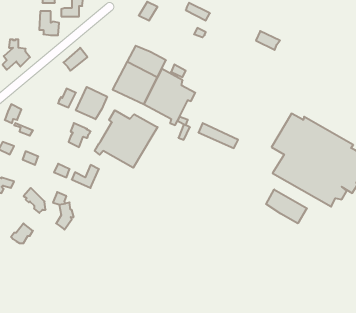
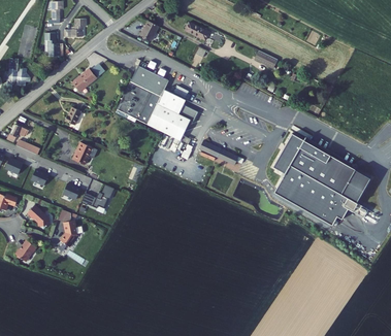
building: [76,87,107,119] -> none
building: [95,110,158,168] -> none
building: [266,189,307,223] -> none

